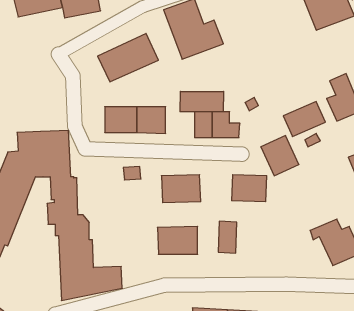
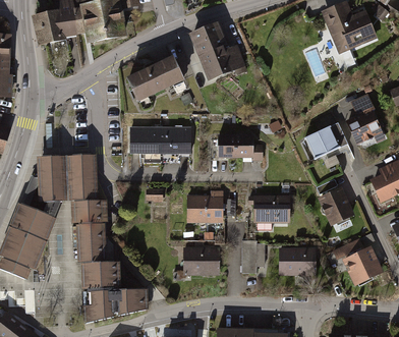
building: [180,91,224,112] -> none
building: [261,136,299,176] -> [317,186,354,226]
building: none -> [280,248,316,275]

